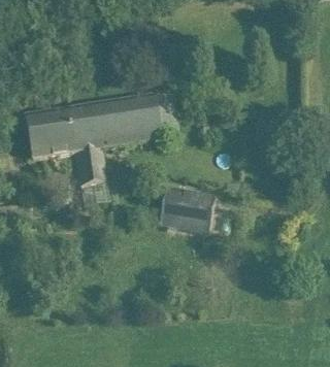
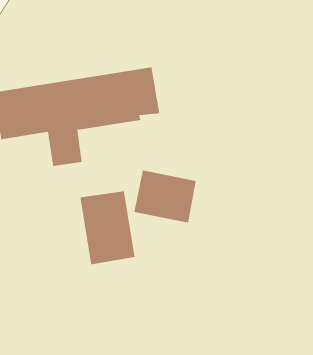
building: none -> [80,190,135,265]

